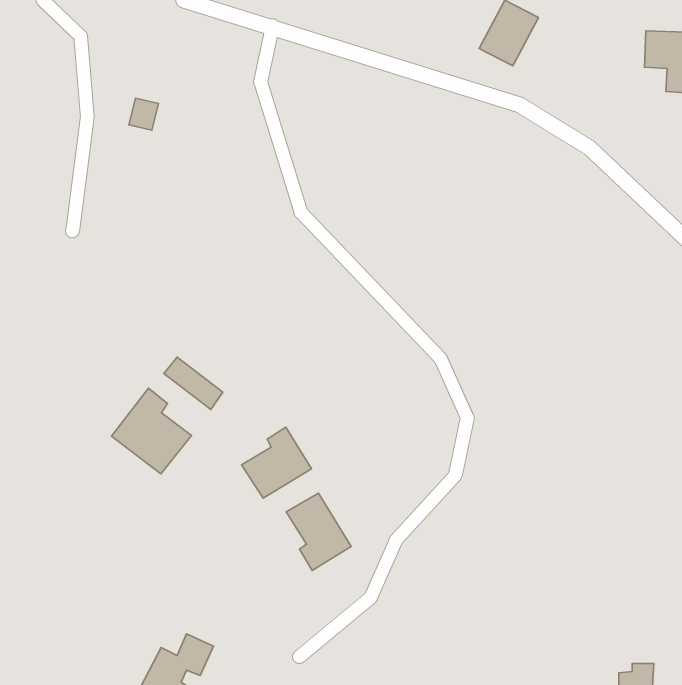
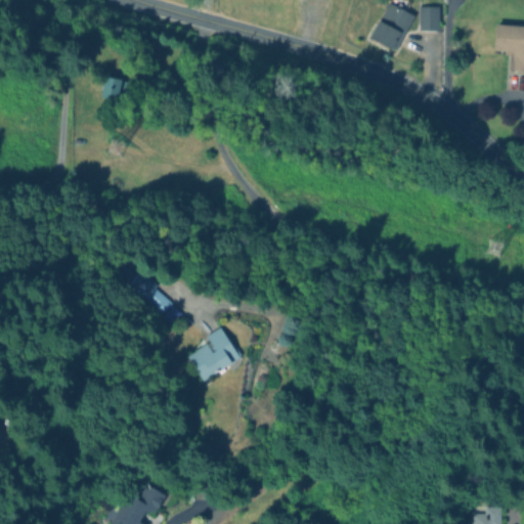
building: none -> [421,6,440,31]
building: [112,388,192,474] -> none
building: [286,493,351,570] -> none

